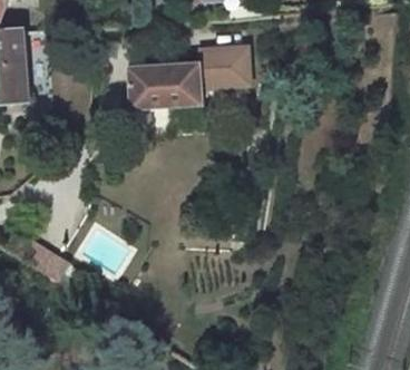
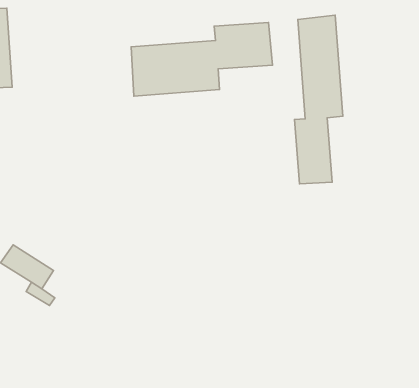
building: none -> [294,15,343,184]

